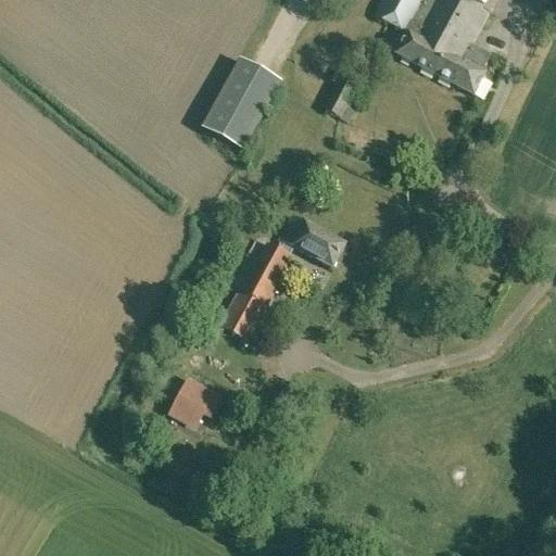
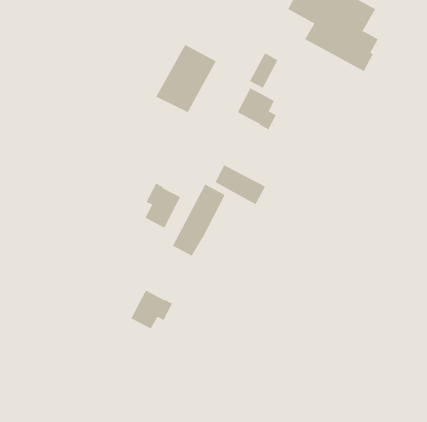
building: none -> [237,88,277,130]
building: none -> [145,183,181,229]

